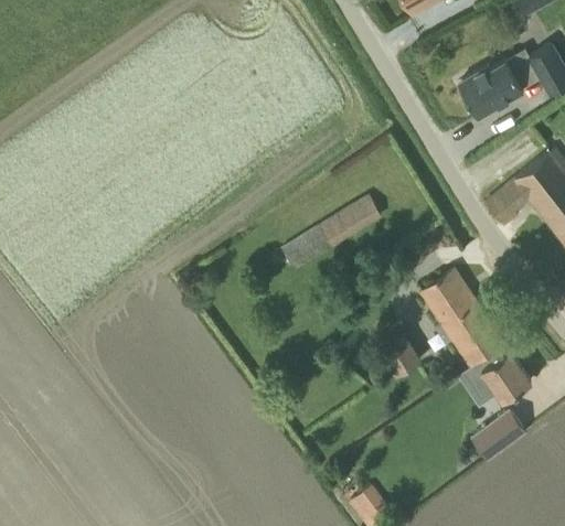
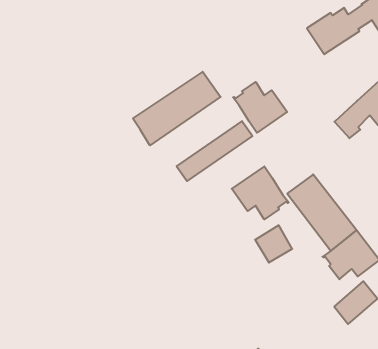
building: none -> [133,72,221,145]
building: none -> [233,82,287,133]
building: none -> [232,166,289,219]

